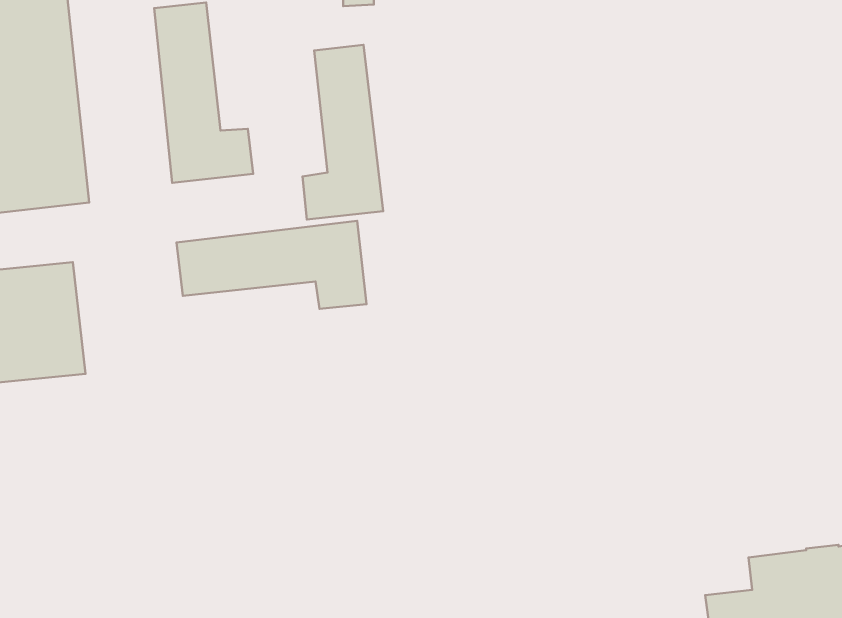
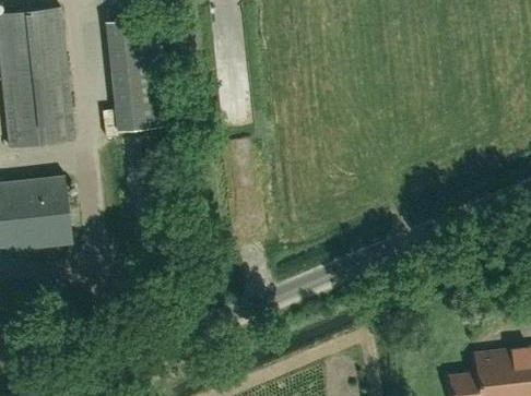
building: [302,45,383,220] -> none
building: [177,221,366,309] -> none

